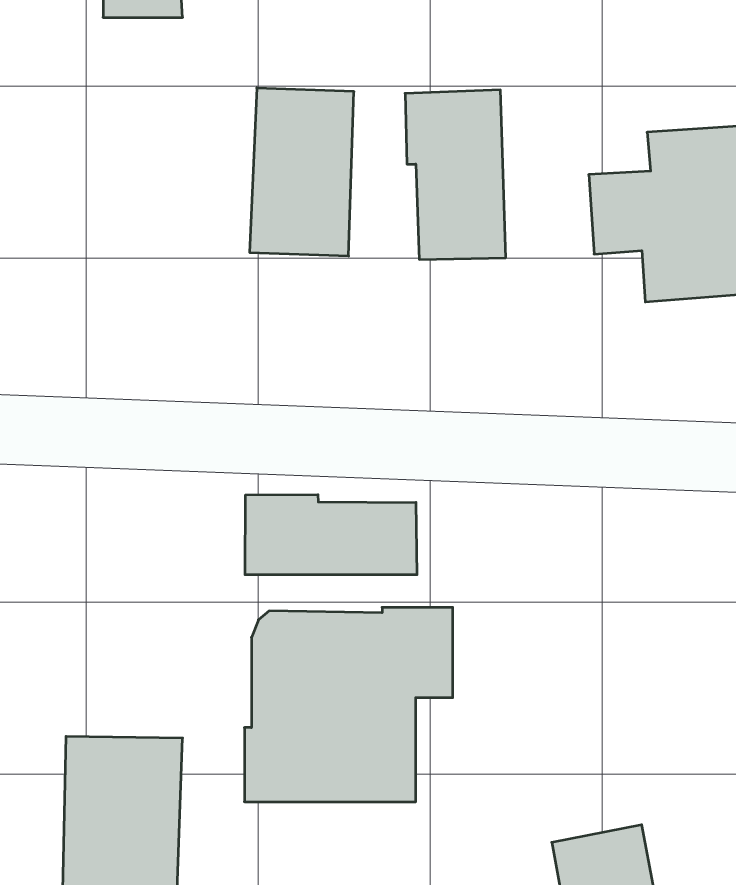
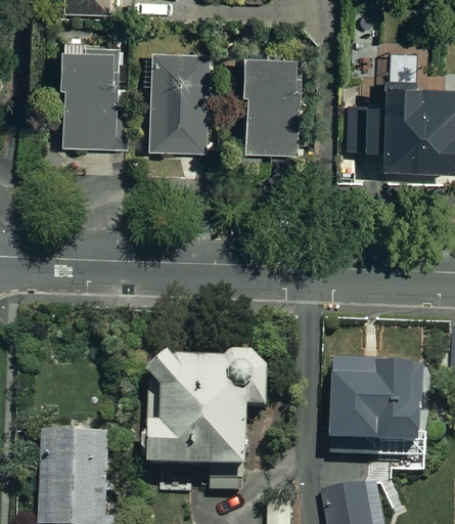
building: none -> [58,46,120,147]
building: [245,495,417,575] -> none
building: none -> [328,359,421,457]

